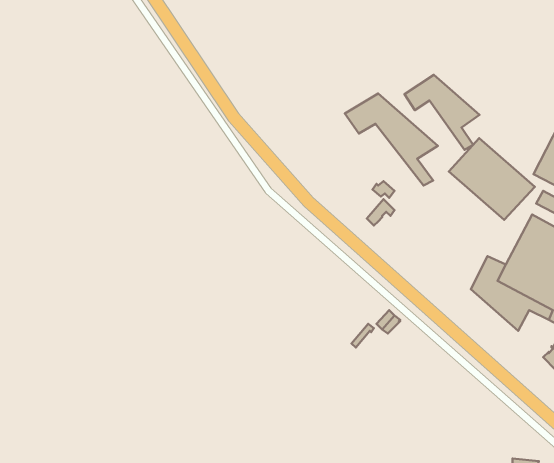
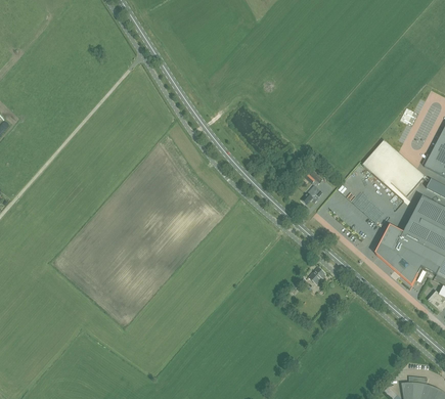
building: [405,75,479,150] -> none
building: [345,94,438,186] -> none

